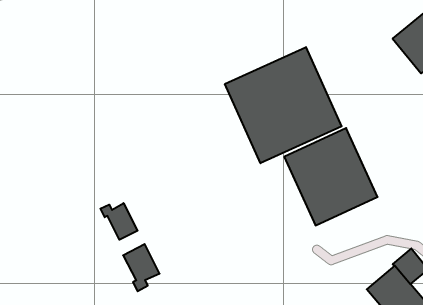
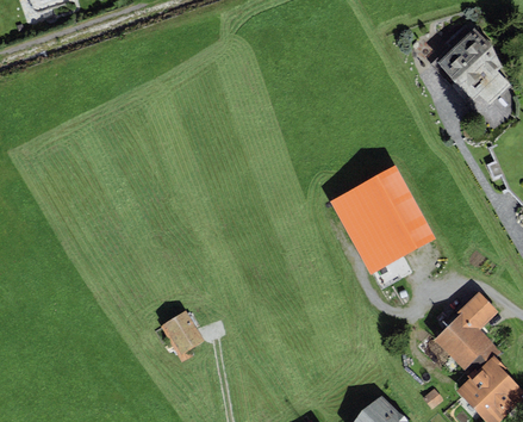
building: [225,47,342,163] -> none
building: [100,203,138,240] -> none

